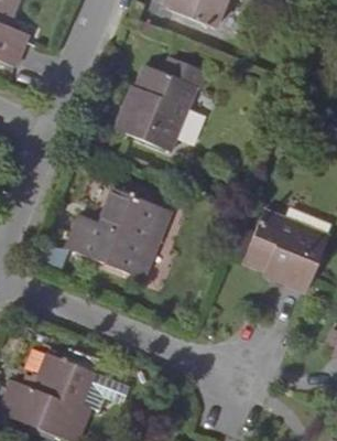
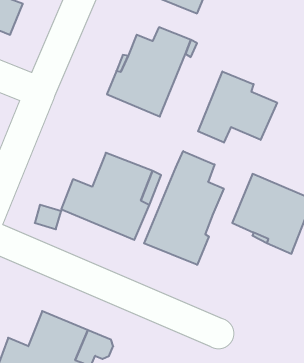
building: none -> [198,71,277,143]
building: none -> [144,151,224,265]

